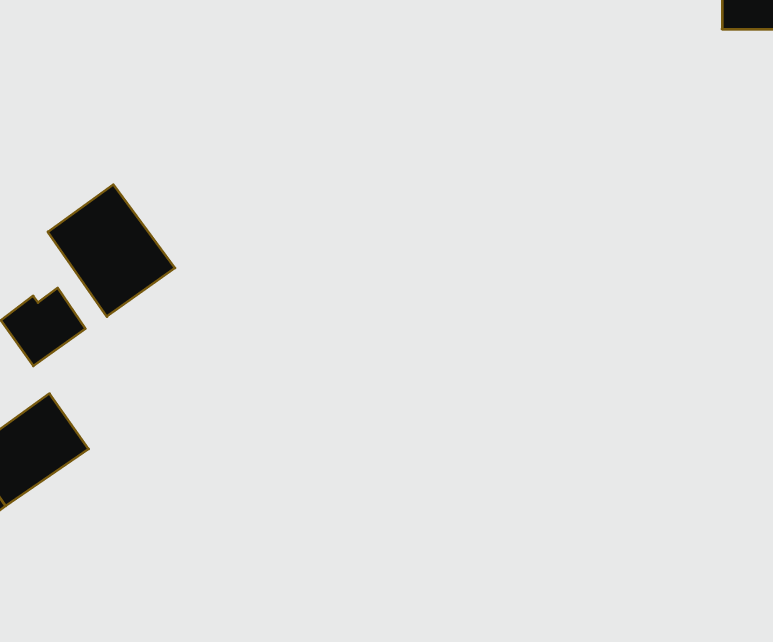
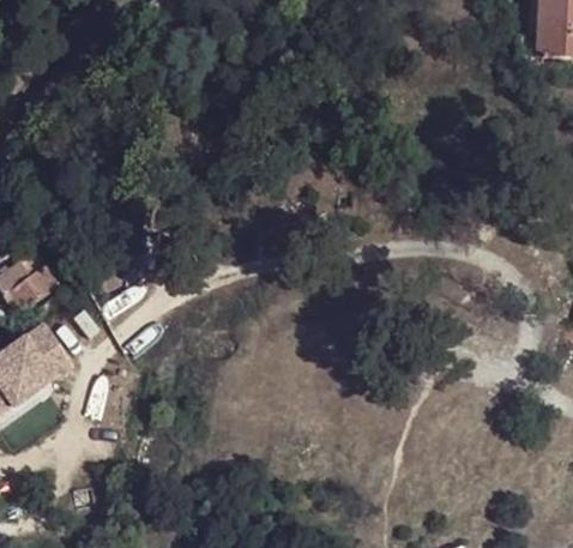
building: [48,185,175,317] -> none

